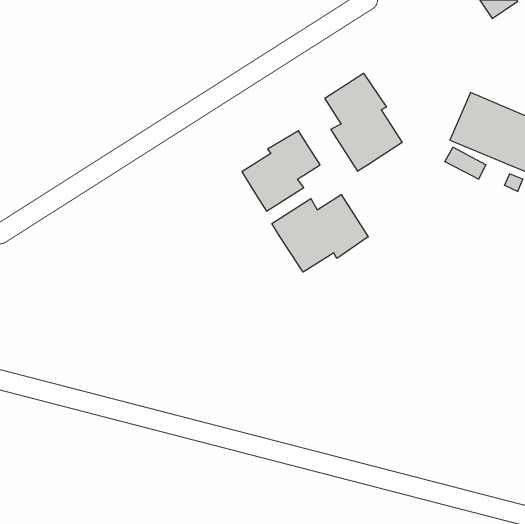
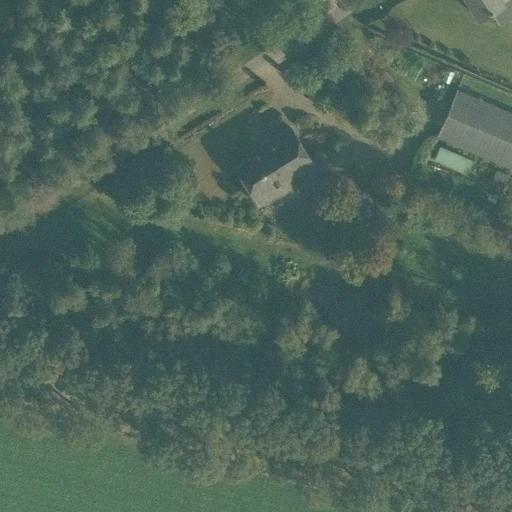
building: [325,73,402,171] -> none
building: [272,195,368,272] -> none

